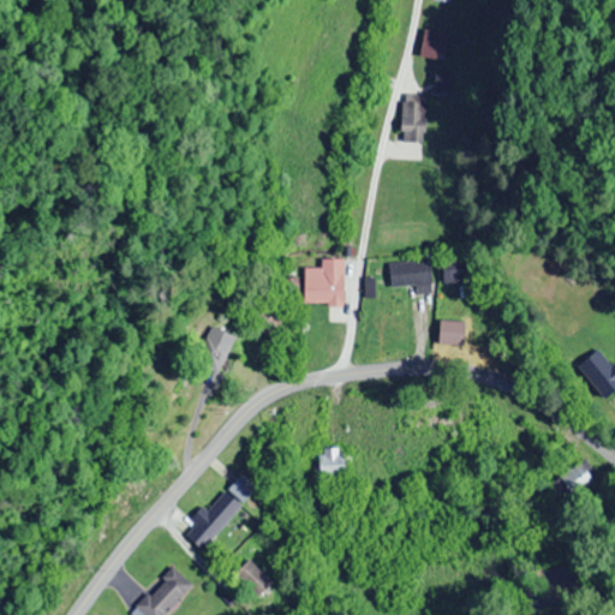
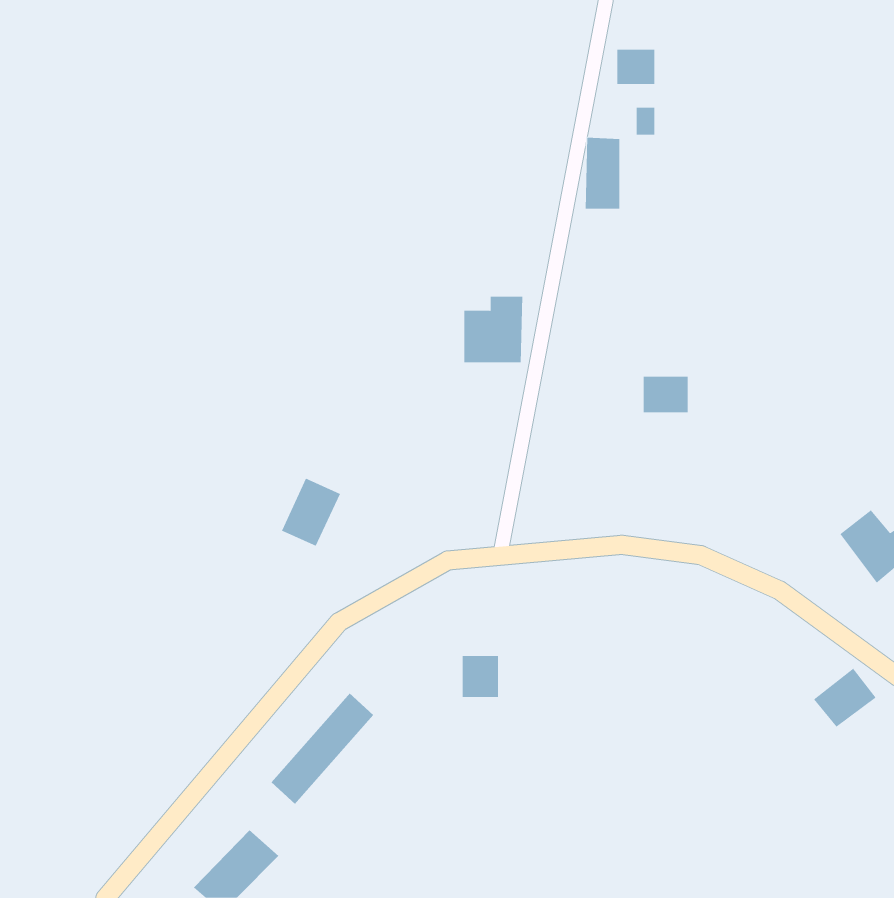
building: [304,258,345,304] -> [464,296,523,363]
building: [389,259,432,293] -> none
building: [437,320,466,345] -> none
building: [234,559,273,598] -> none

